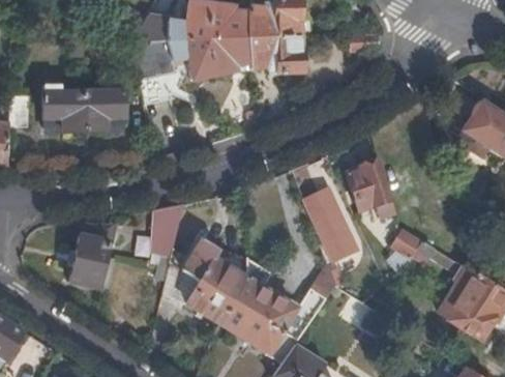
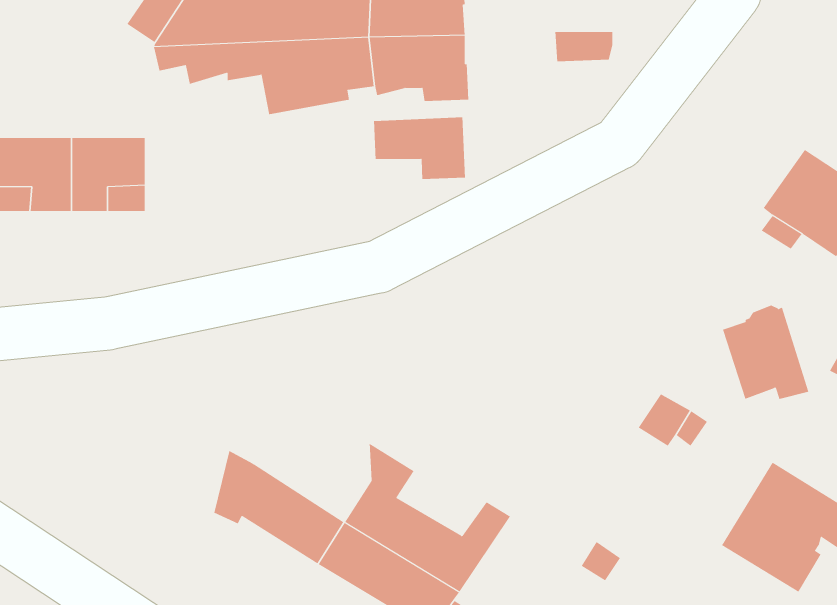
building: none -> [373,117,466,180]
building: [348,158,395,210] -> [722,305,809,400]
building: [304,189,358,261] -> none
building: [156,204,184,253] -> none
building: [70,225,115,288] -> none
building: [184,239,248,301] -> none

